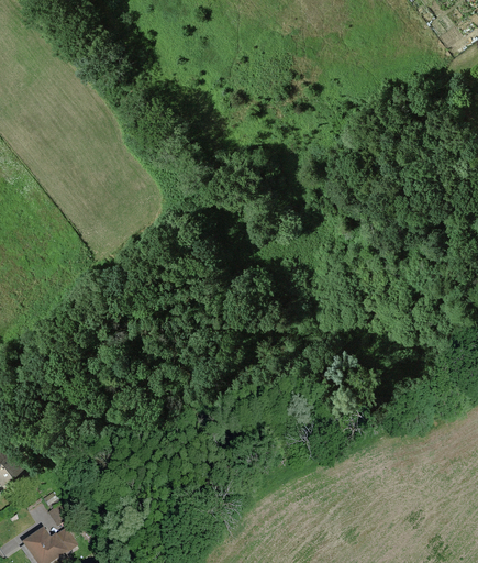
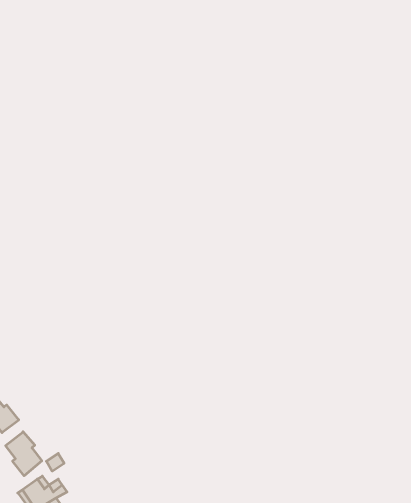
building: none -> [6,432,42,476]

